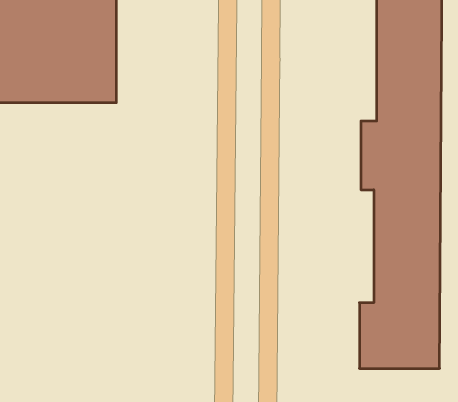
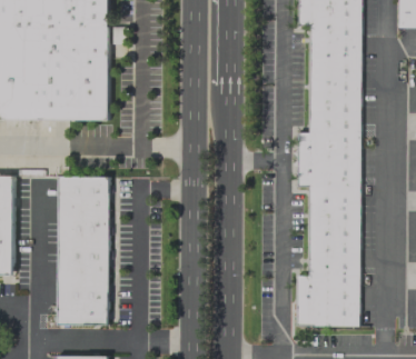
building: none -> [58,176,109,325]

